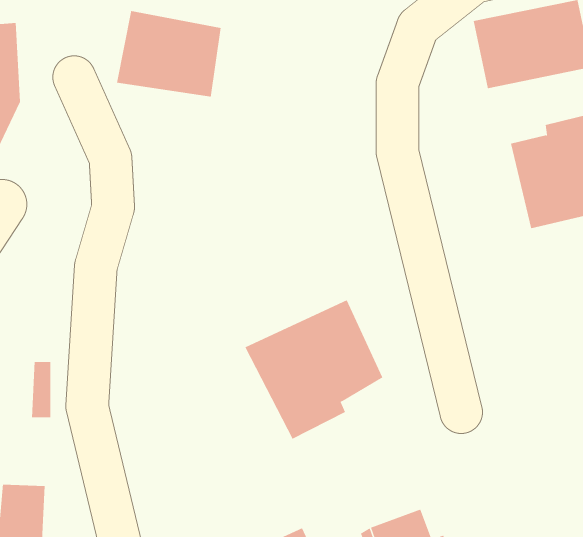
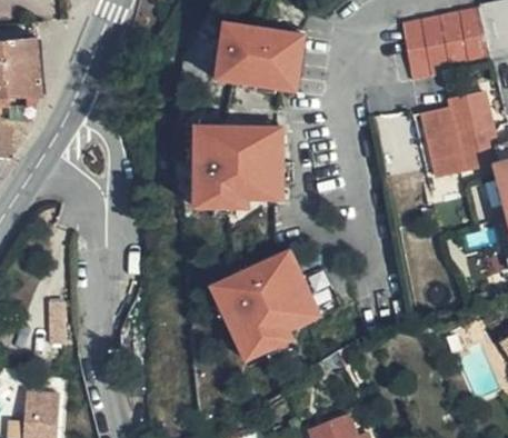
building: [116,11,222,97] -> [213,33,295,100]
building: none -> [190,136,276,213]

